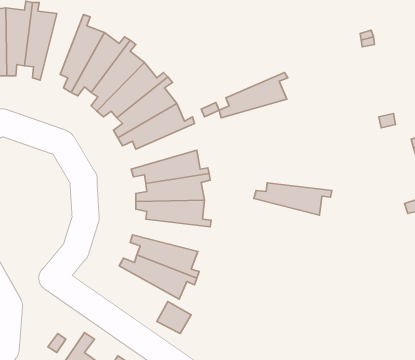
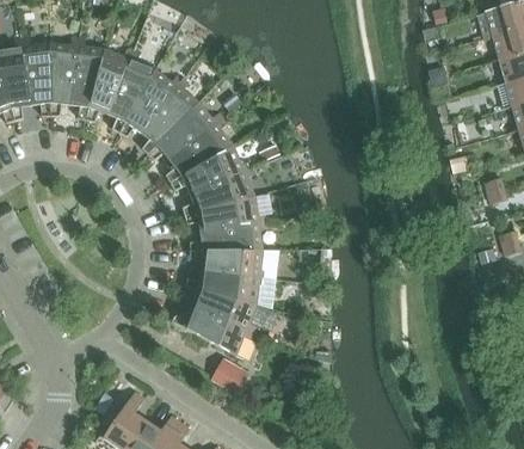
building: none -> [86,47,132,121]
building: [219,72,288,118] -> [181,166,255,215]
building: [254,183,332,215] -> [185,269,269,303]

